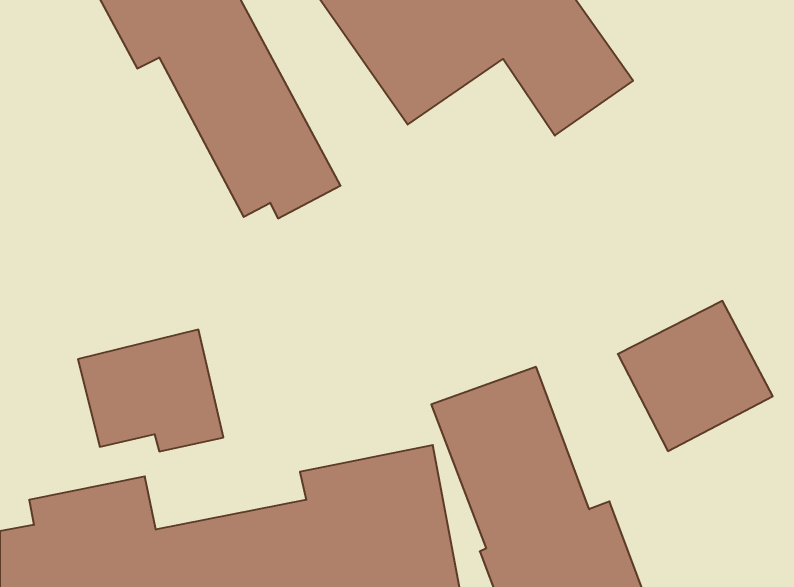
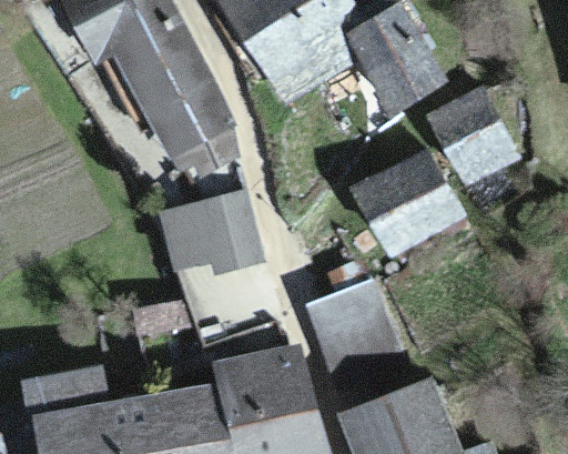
building: none -> [430,90,523,190]
building: [618,301,773,451] -> [353,151,463,258]
building: [78,330,223,451] -> [161,192,264,279]

